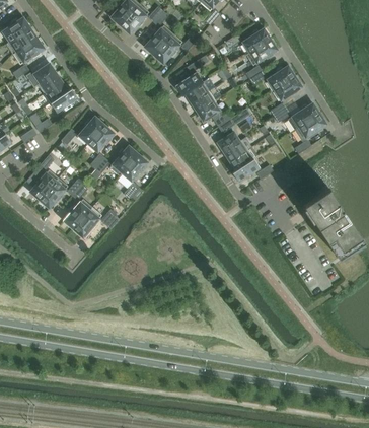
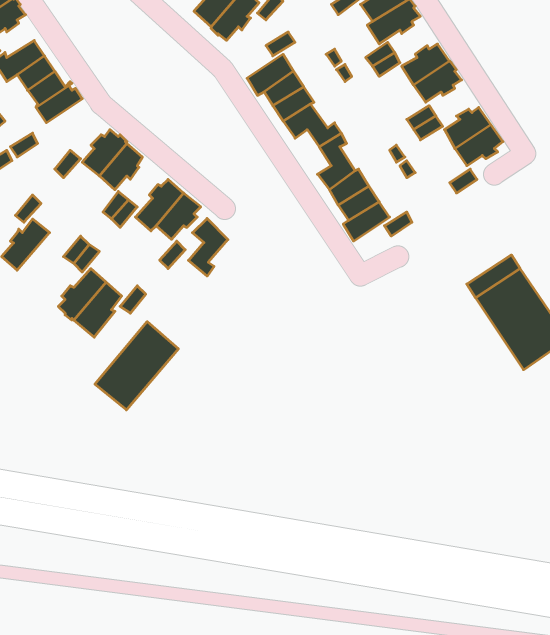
building: none -> [188,218,228,276]
building: [40,177,68,208] -> none
building: none -> [95,322,178,410]

